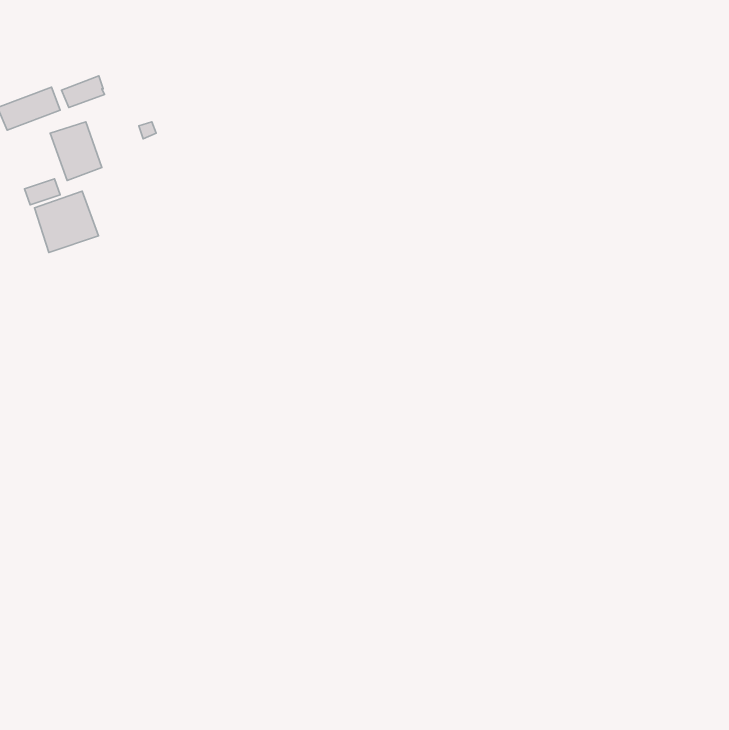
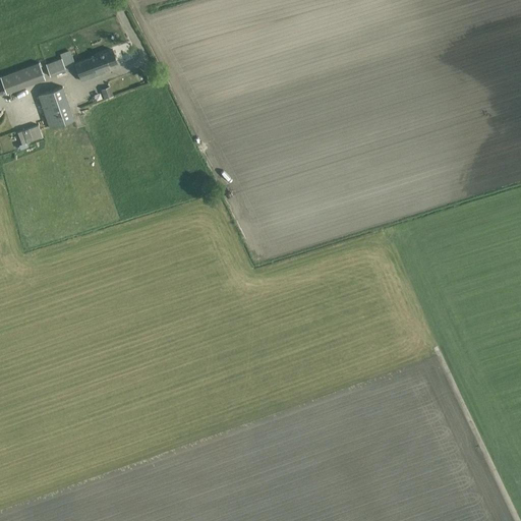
building: none -> [72,51,115,80]
building: [35,191,99,252] -> none

